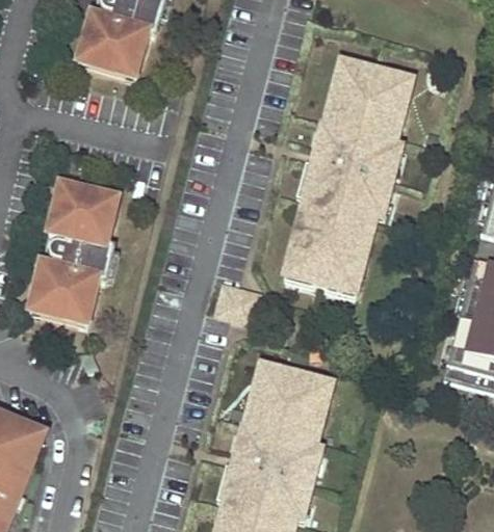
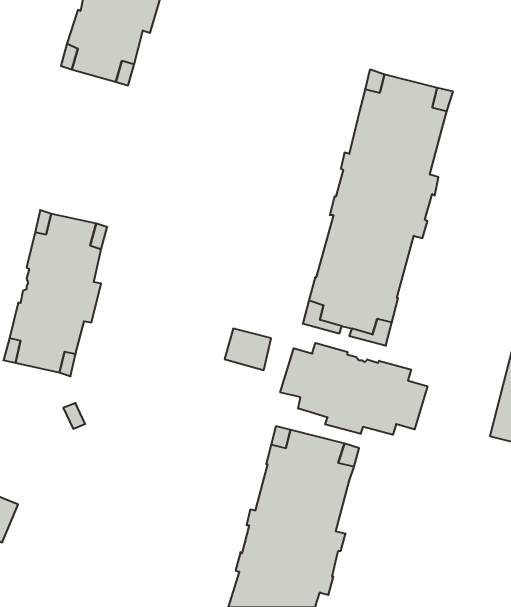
building: none -> [280,343,427,435]

